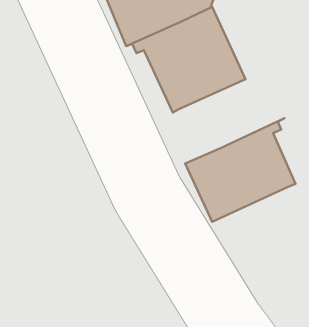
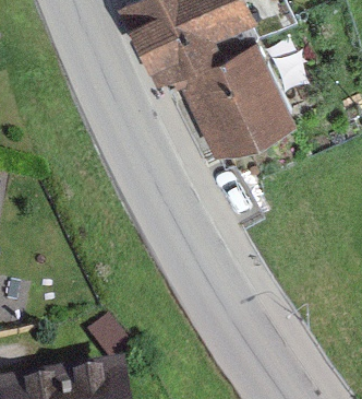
building: [185,118,296,222] -> none

